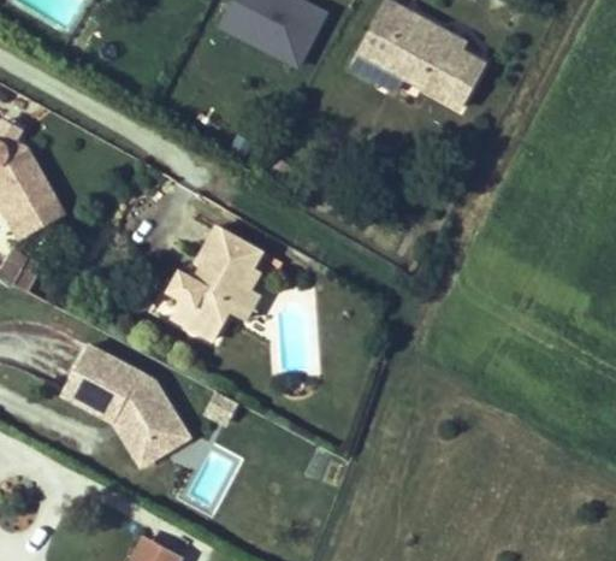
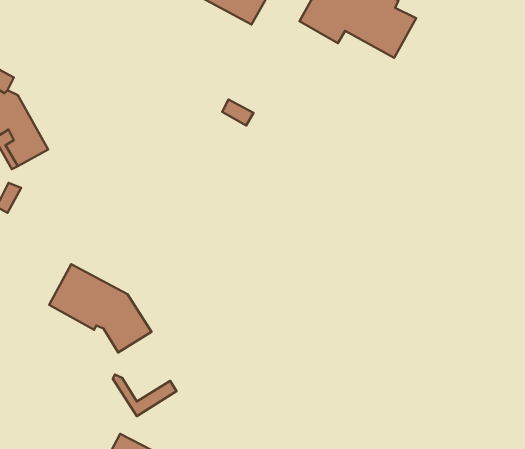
building: [166,228,260,342] -> none
building: [114,417,188,465] -> [113,375,176,416]

